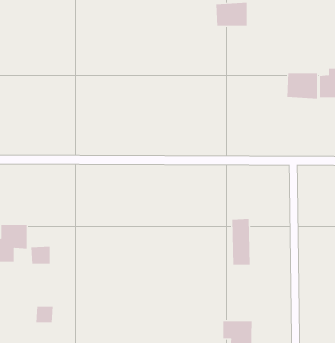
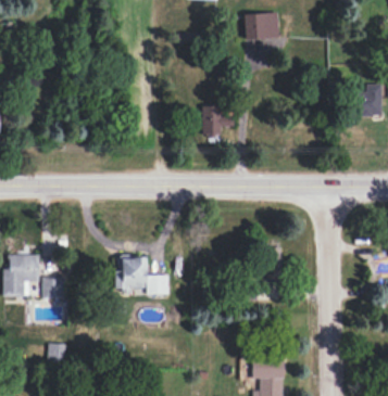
building: [287,72,318,100] -> none
building: none -> [202,106,235,137]
building: none -> [115,256,170,295]

